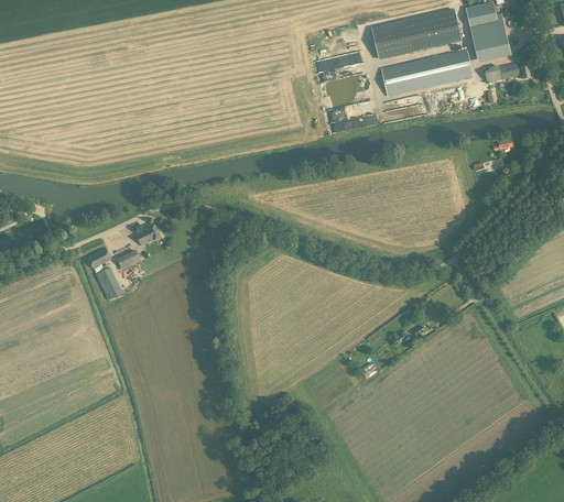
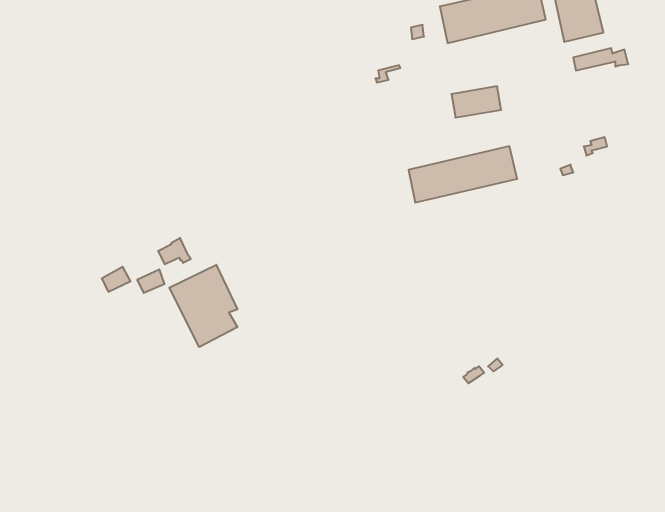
building: [381,48,473,96] -> [409,146,517,202]
building: none -> [169,265,237,347]
building: [95,266,121,298] -> none

